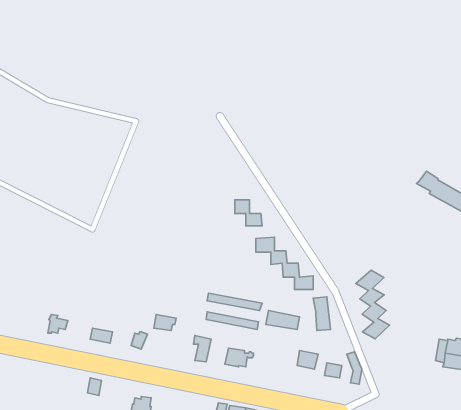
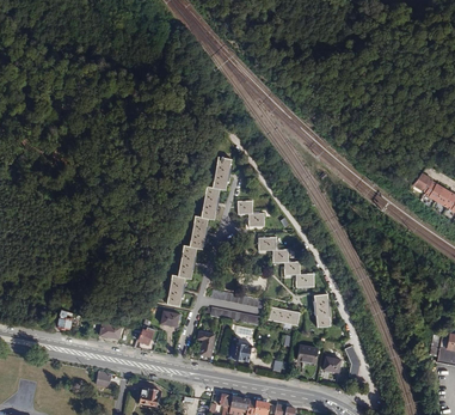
building: none -> [167,157,230,305]
building: [356,270,389,339] -> none

